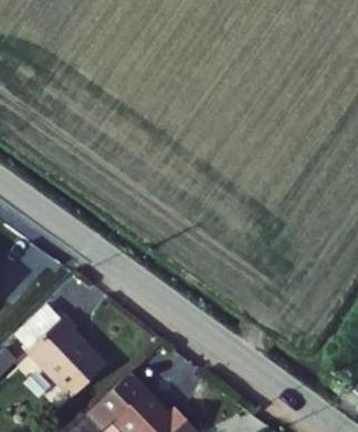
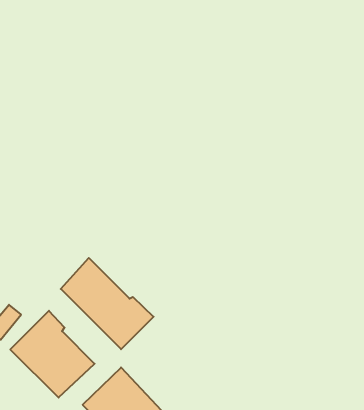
building: none -> [61,258,154,349]

